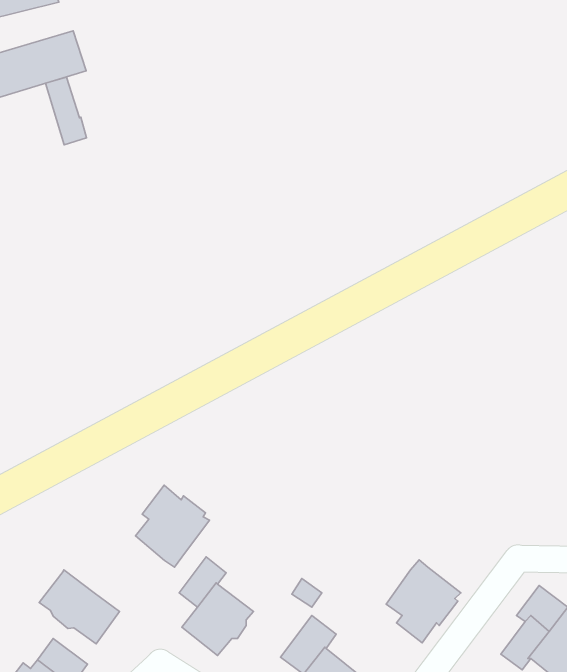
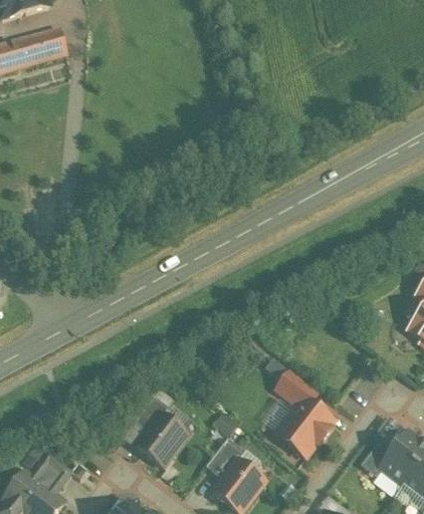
building: [45,77,87,145] -> none
building: [135,485,210,567] -> none
building: none -> [275,369,319,406]
building: [39,570,119,644] -> none

